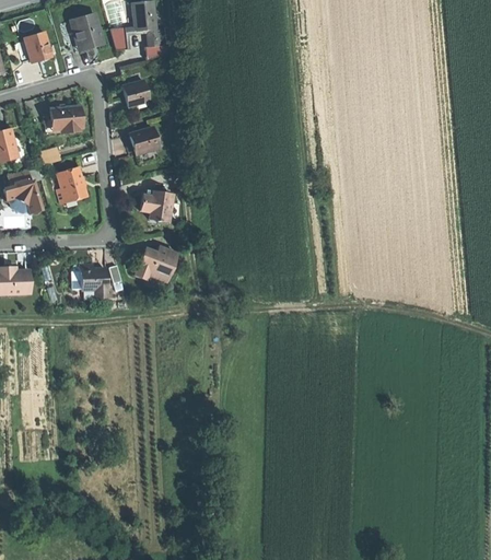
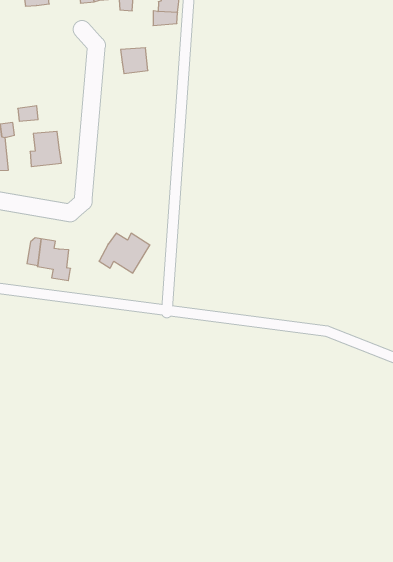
building: [51,106,83,132] -> none
building: [131,127,160,155] -> none
building: [141,189,173,219] -> none

